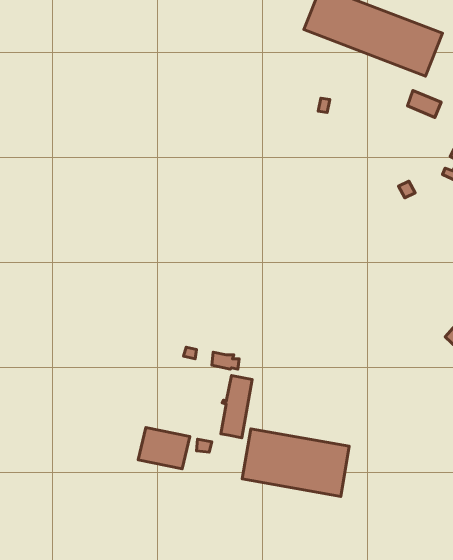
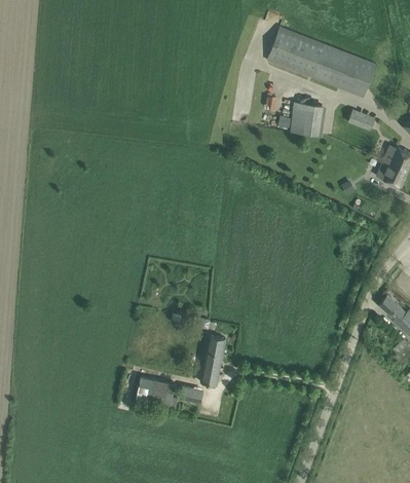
building: none -> [291,100,326,134]
building: [242,429,349,496] -> none

